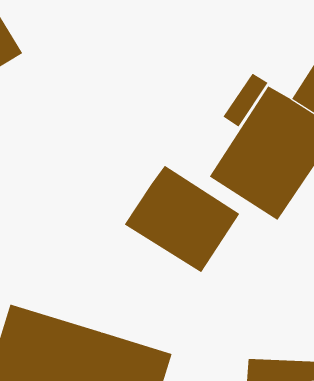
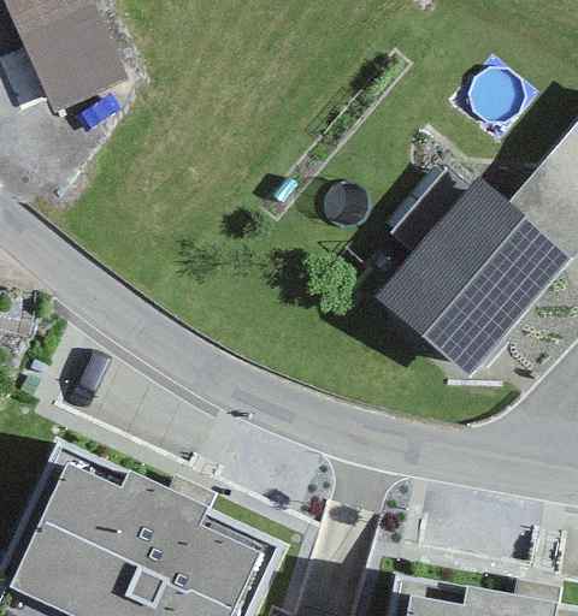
building: [124,165,240,273] -> none

